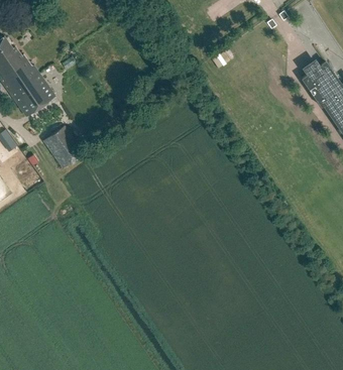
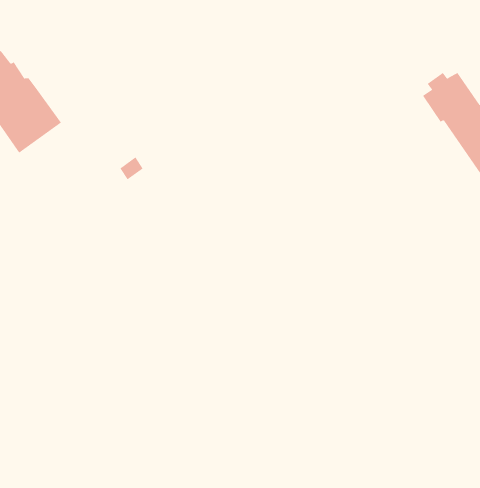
building: [42,125,84,168] -> none

